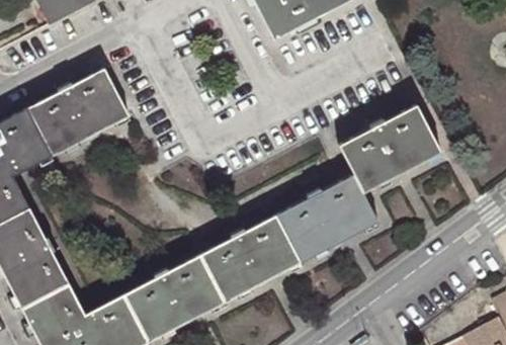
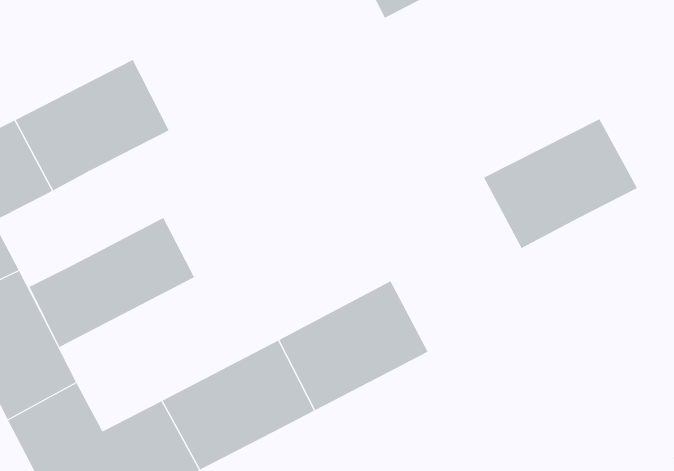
building: none -> [29,217,195,348]
building: [277,175,381,262] -> none

